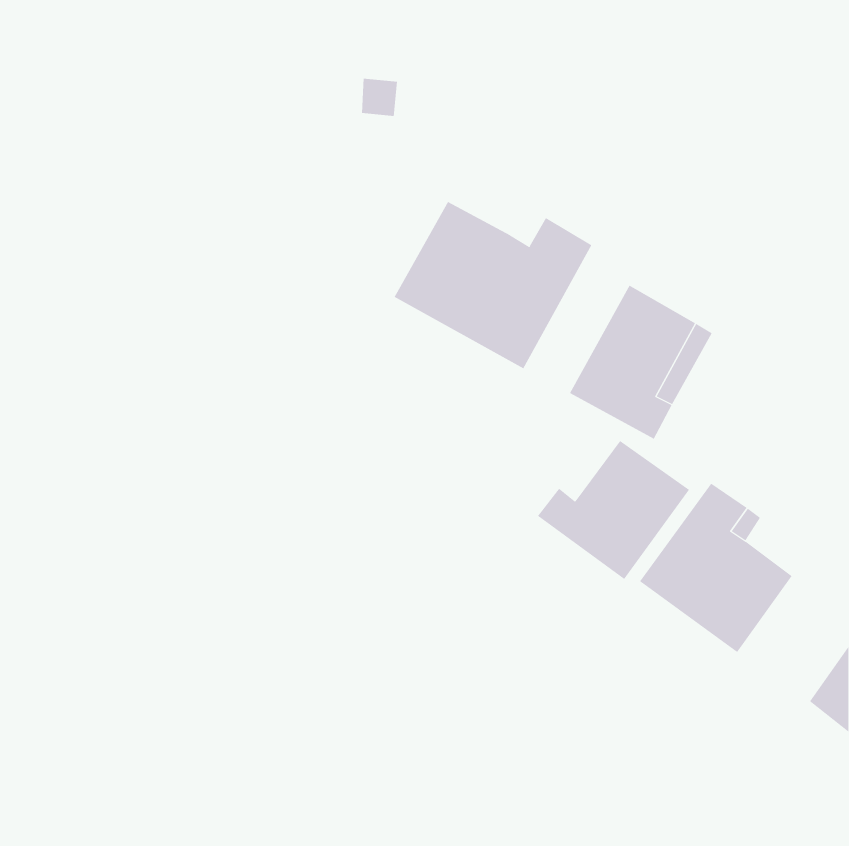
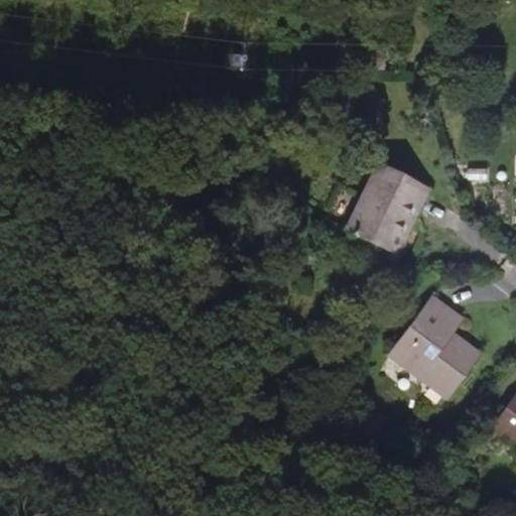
building: [394,201,592,369] -> none
building: [537,440,690,580] -> none

